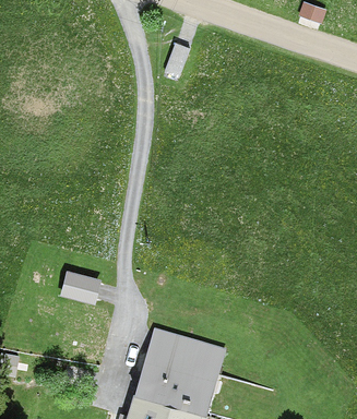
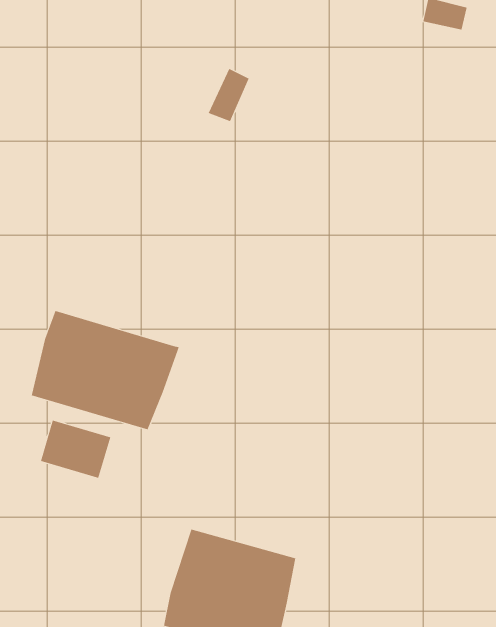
building: none -> [31,310,180,430]

